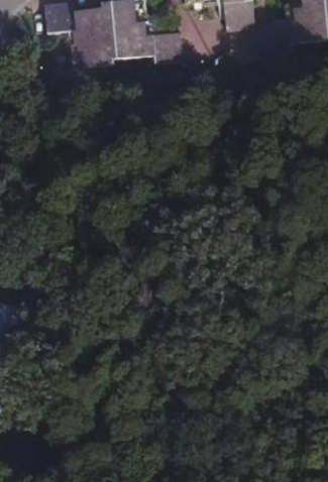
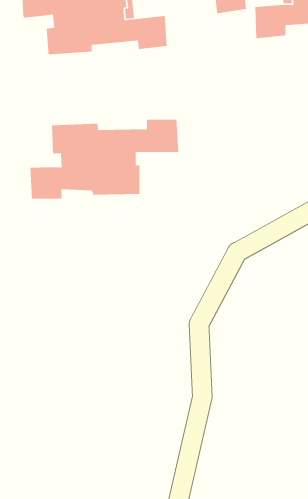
building: none -> [30,119,179,199]

